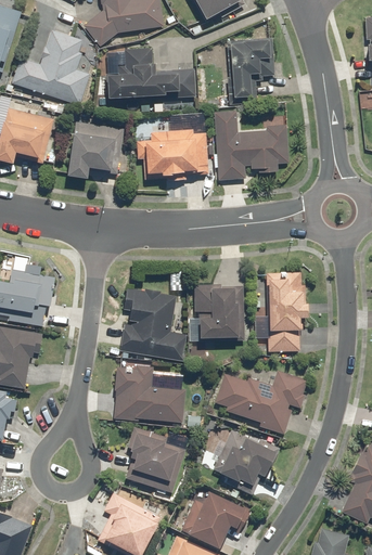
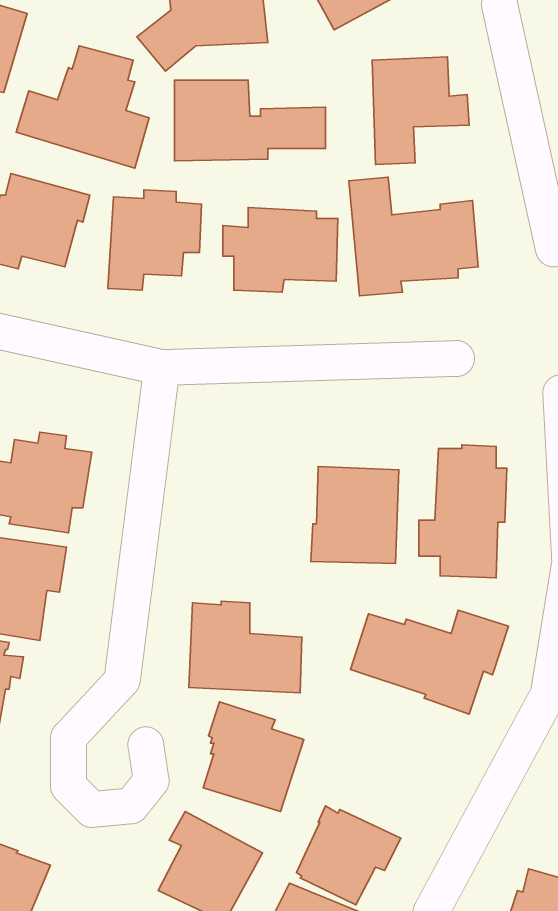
building: [118,286,187,361] -> none
building: [213,429,280,494] -> none

